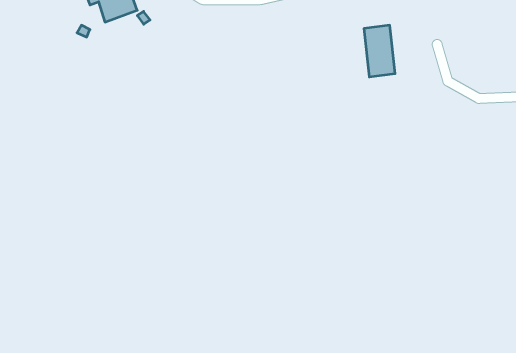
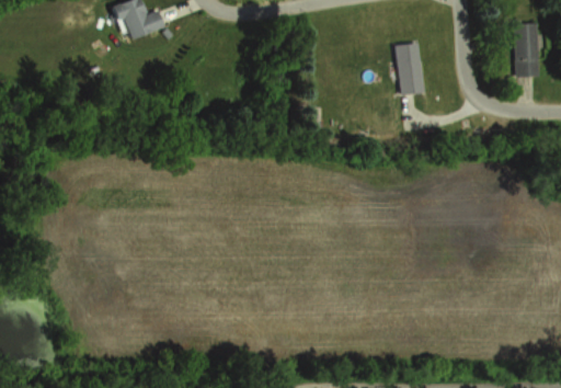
building: none -> [516,22,538,76]

